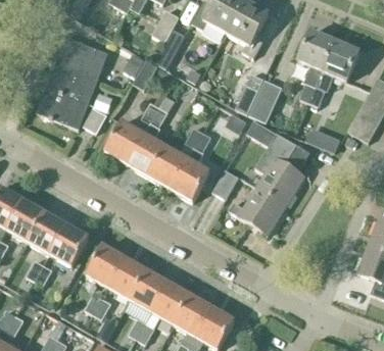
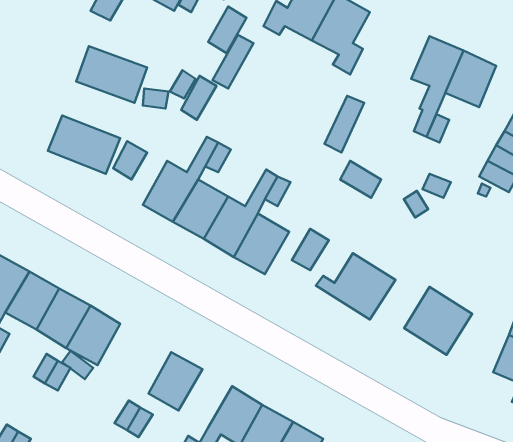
building: [47,62,99,103] -> none
building: [249,79,283,122] -> none
building: [256,156,305,205] -> [404,287,472,355]
building: [87,245,126,287] -> none
building: [131,269,170,311] -> none

